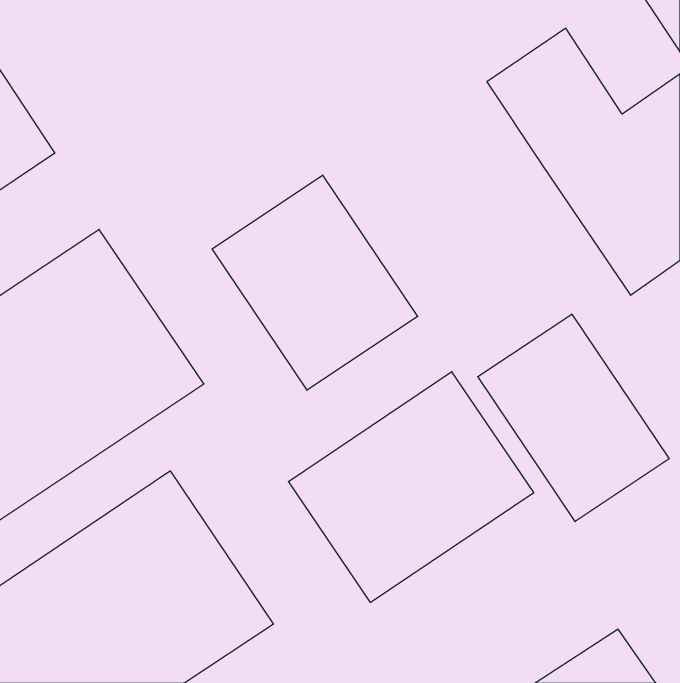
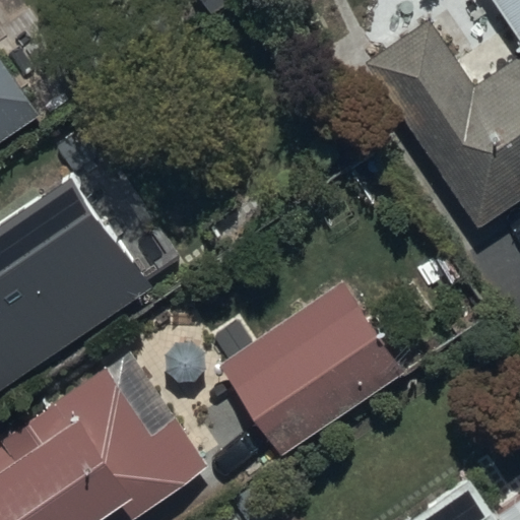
building: [212,175,418,390] -> none
building: [478,314,669,522] -> none

